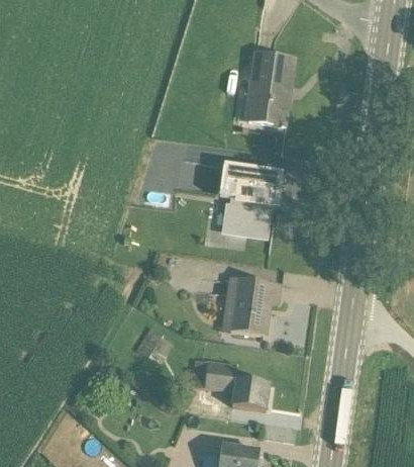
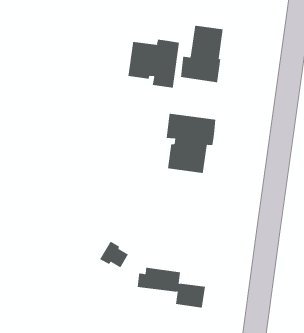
building: none -> [128,39,180,89]
building: [221,277,282,336] -> none

